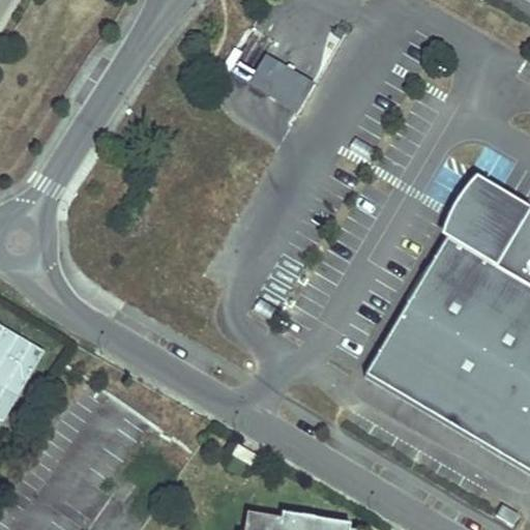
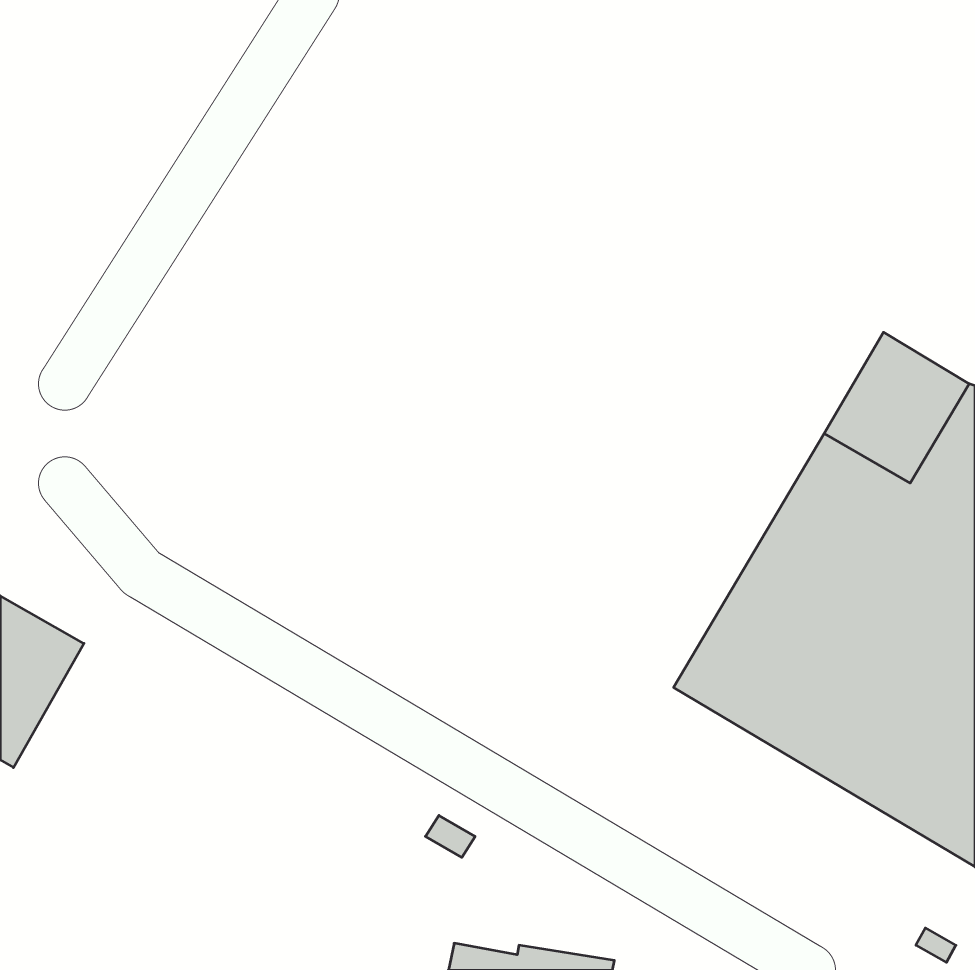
building: [252,47,316,105] -> none

